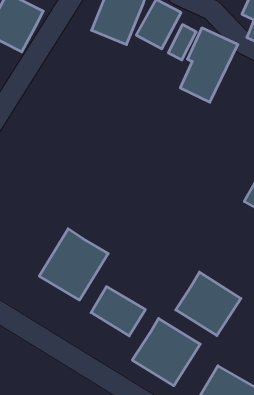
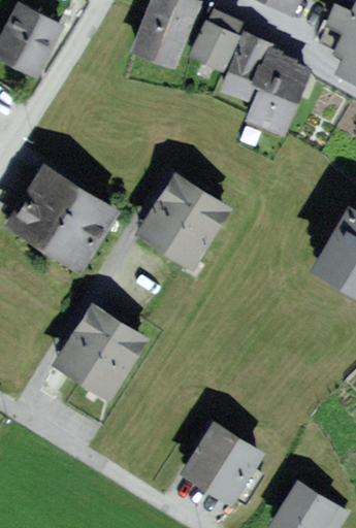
building: none -> [14,168,118,267]
building: none -> [141,177,228,266]
building: [176,272,241,336] -> none
building: [91,287,145,336] -> none

